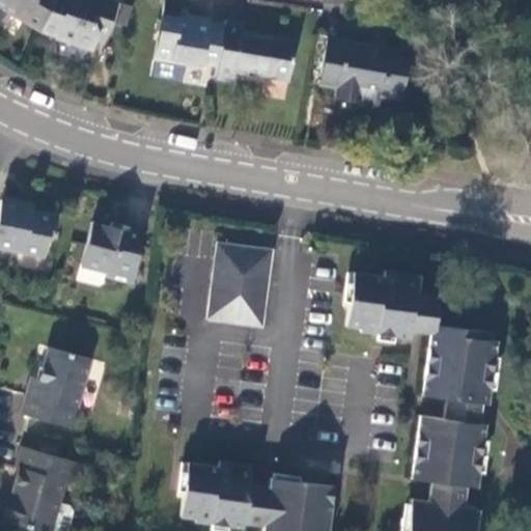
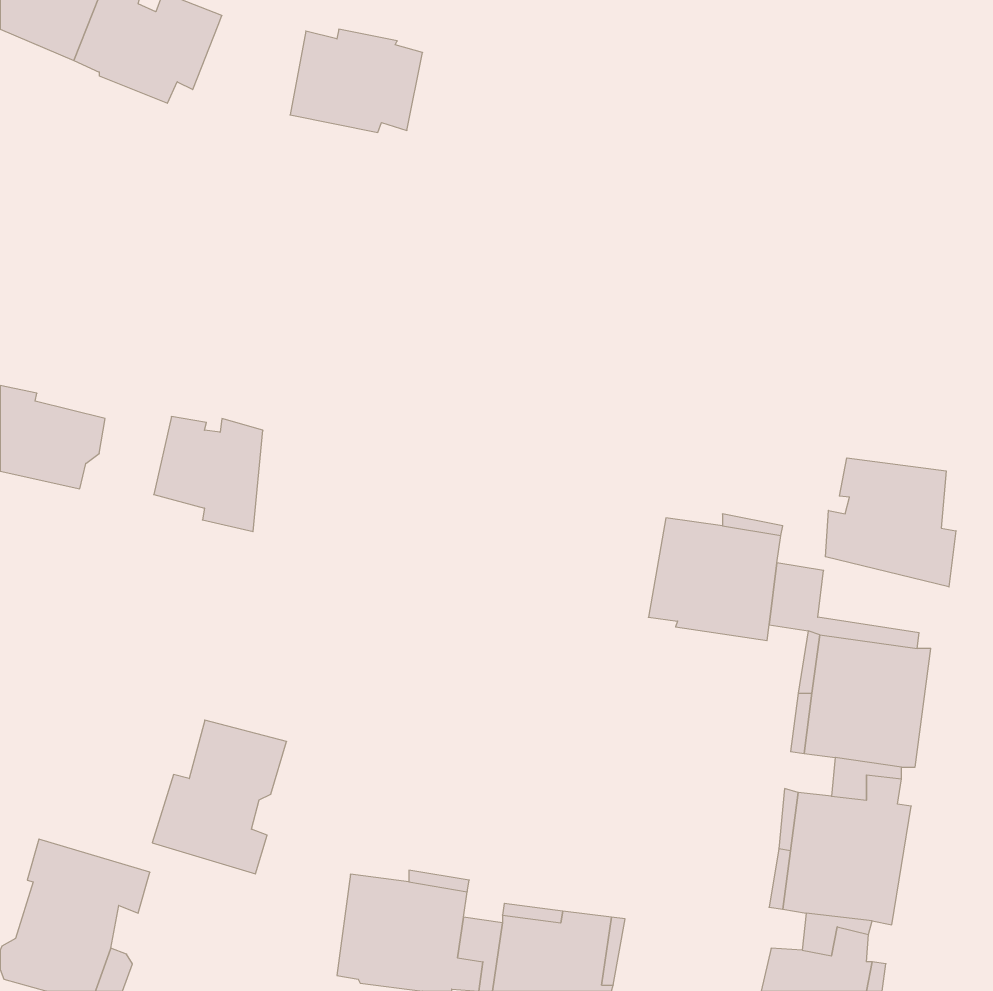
building: [217,23,298,84] -> none
building: [319,41,410,111] -> none
building: [206,242,274,326] -> none
building: none -> [825,458,956,587]
building: [21,348,92,430] -> [152,720,287,874]

